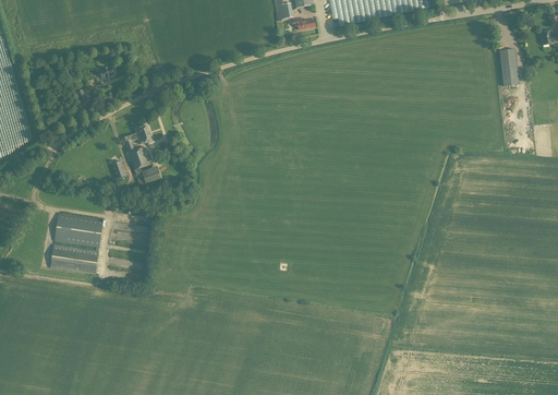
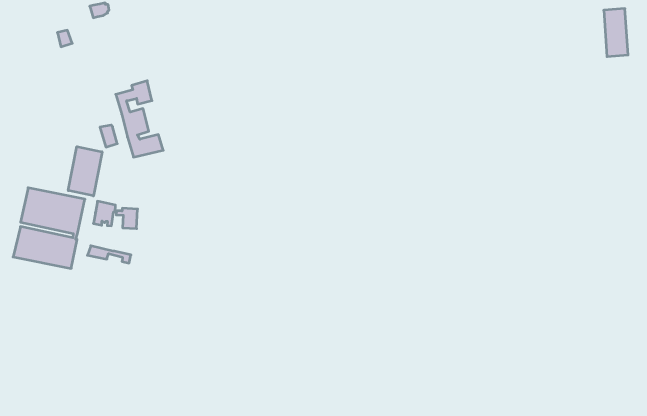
building: none -> [68,147,102,196]

